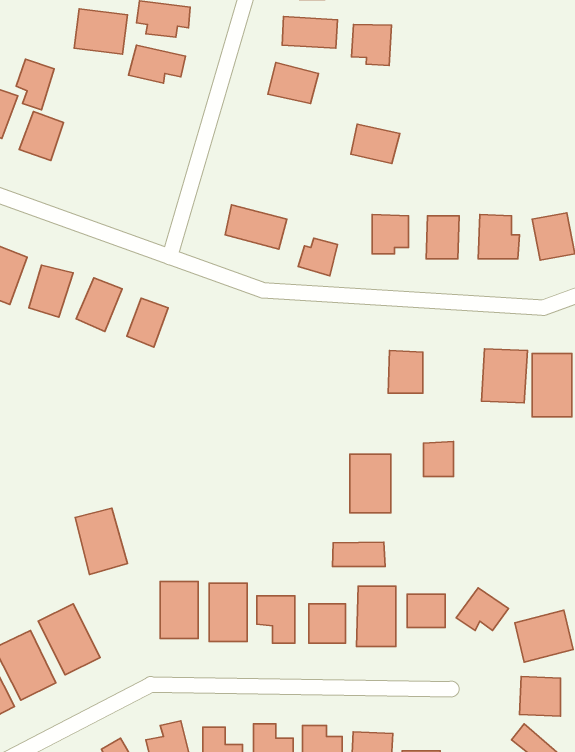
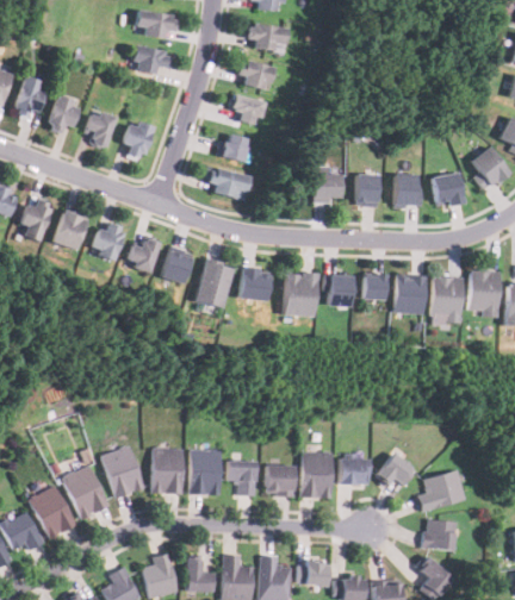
building: [74,9,128,54] -> none
building: [352,24,391,65] -> none
building: [16,59,54,110] -> [86,110,114,148]
building: [351,124,400,164] -> [228,94,265,124]
building: none -> [120,120,153,160]
building: [298,238,338,276] -> [217,136,247,164]
building: none -> [159,245,191,286]
building: none -> [196,260,230,307]
building: none -> [237,265,268,302]
building: [424,442,454,476] -> [362,274,385,300]
building: [350,454,391,513] -> [284,273,315,317]
building: [75,508,127,575] -> [104,446,143,496]
building: [332,542,385,567] -> none

